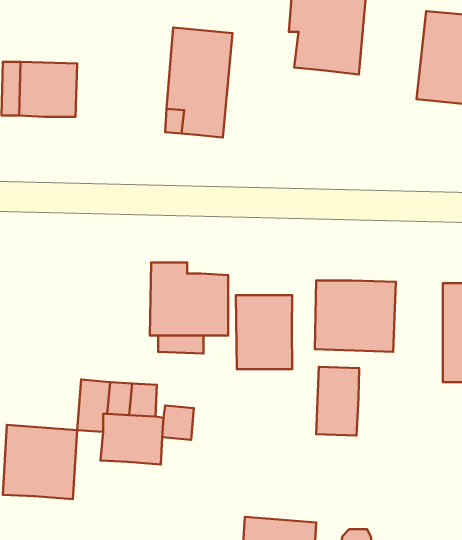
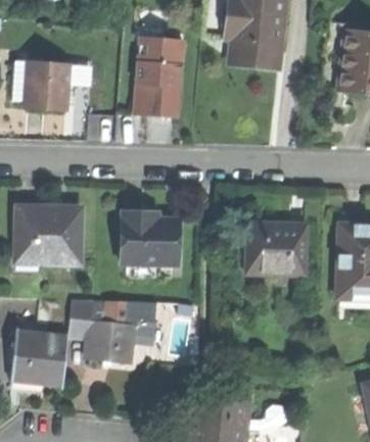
building: none -> [15,207,81,263]
building: [236,295,292,369] -> none
building: [316,367,359,435] -> none

